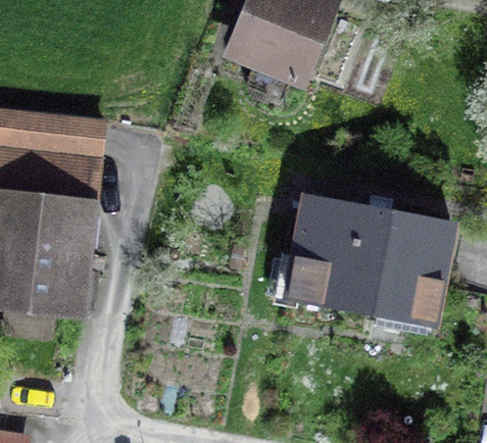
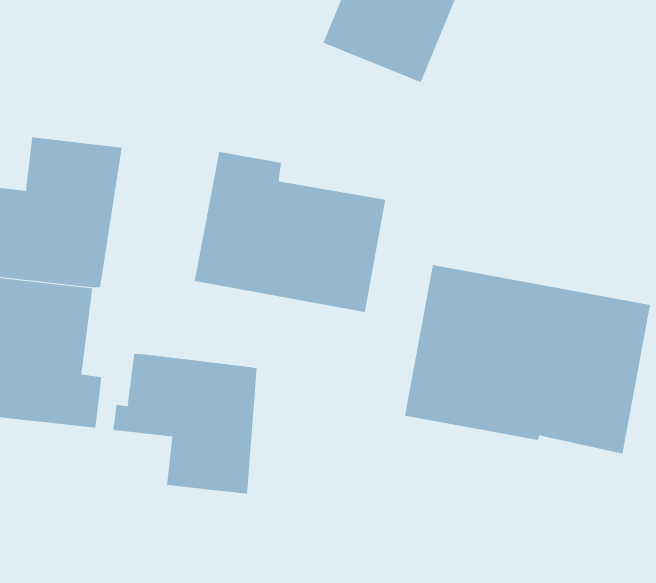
building: none -> [194,151,386,313]
building: none -> [113,353,257,494]

